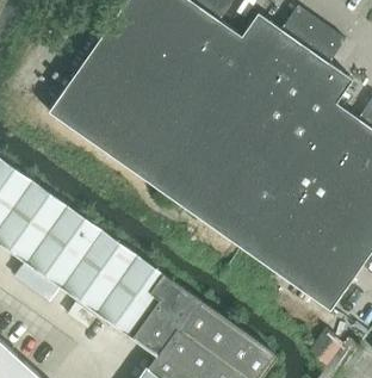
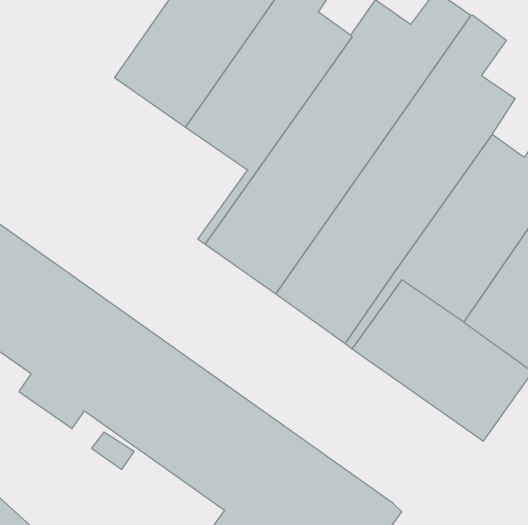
building: [50,64,172,173] -> none

